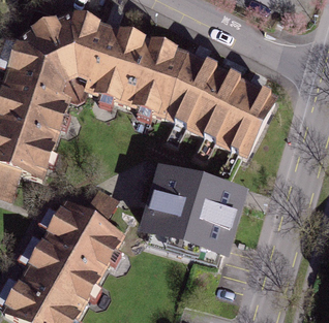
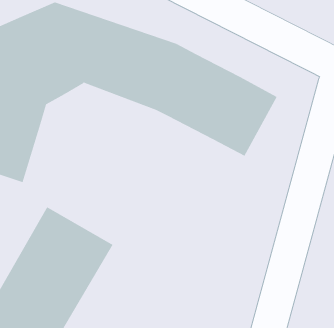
building: [147,167,240,252] -> none

